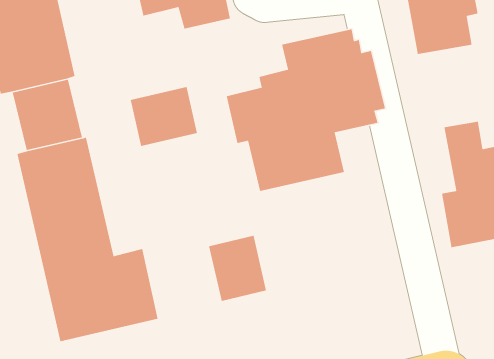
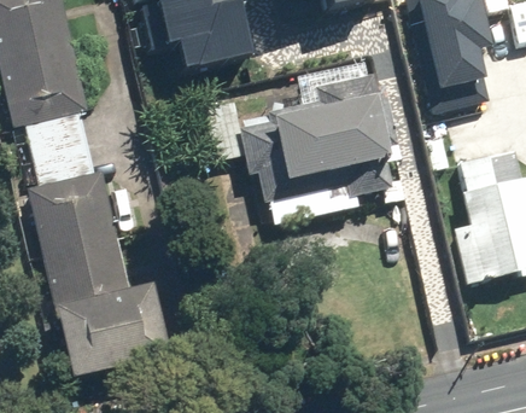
building: [130,86,198,147] -> none
building: [208,235,267,302] -> none

